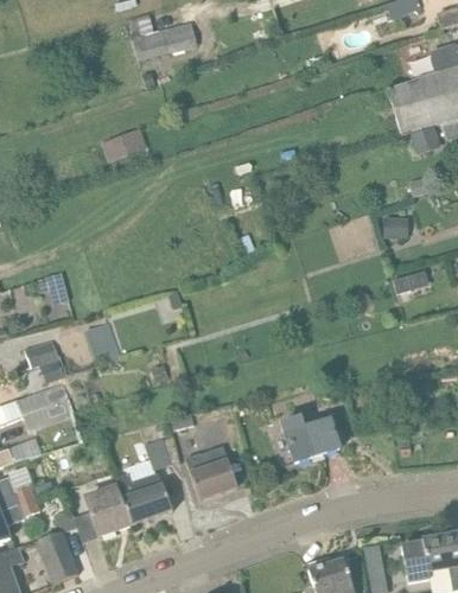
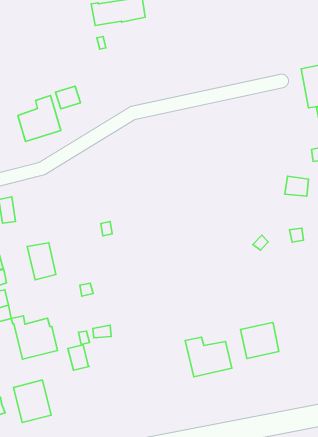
building: none -> [18,95,61,142]
building: none -> [241,322,279,358]
building: [185,444,237,499] -> none
building: [114,472,172,523] -> [11,316,57,359]

